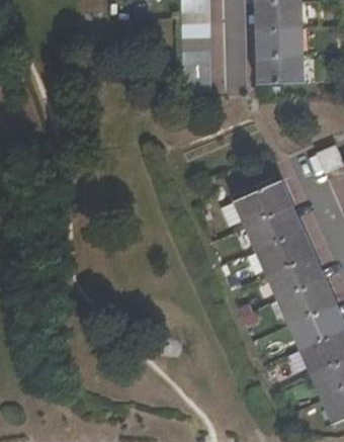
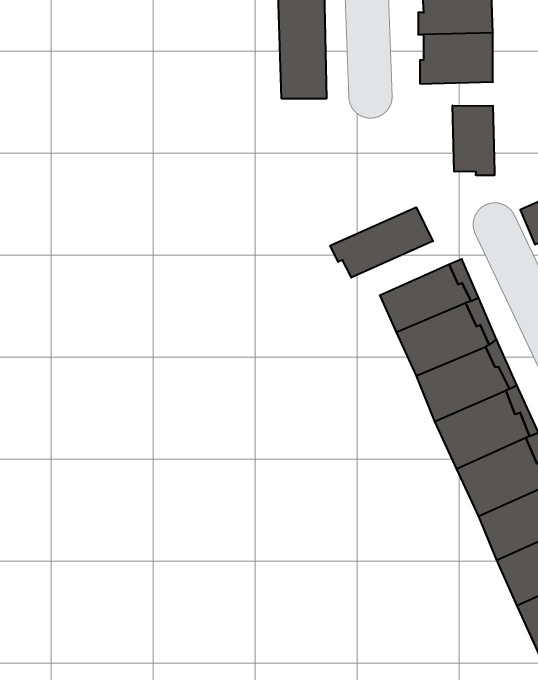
building: none -> [453,105,495,175]
building: none -> [330,207,433,278]

